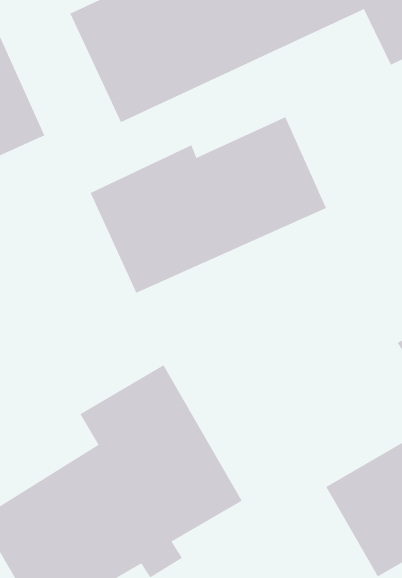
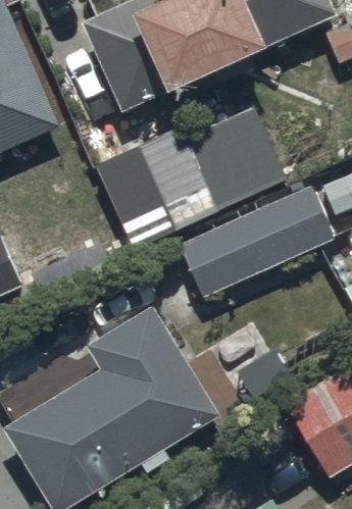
building: none -> [177,187,332,298]

